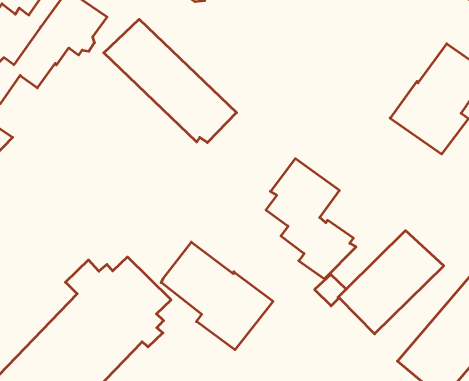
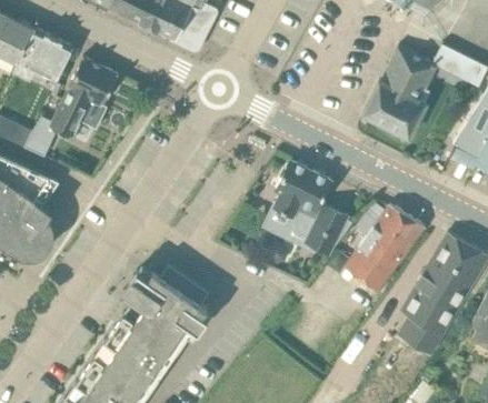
building: [104,19,237,143] -> none
building: [161,242,273,350] -> none

